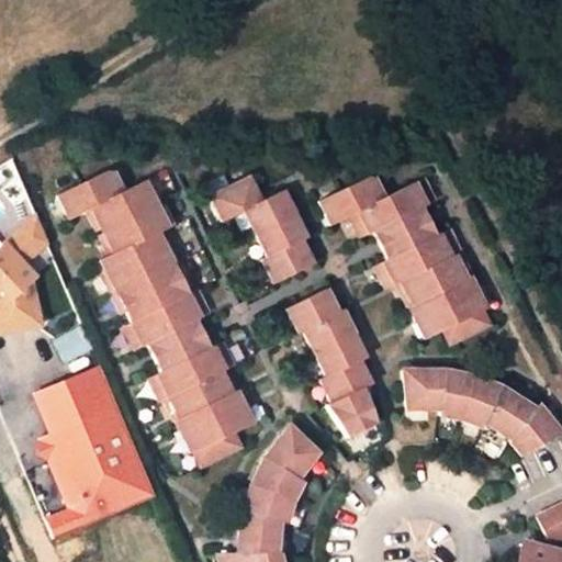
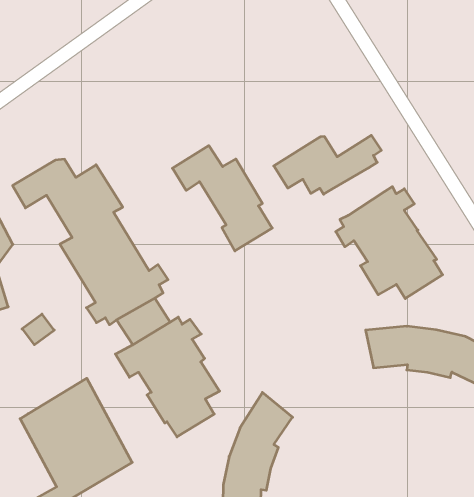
building: [383,209,437,256] -> none
building: [291,285,379,438] -> none
building: [32,357,113,428] -> none

